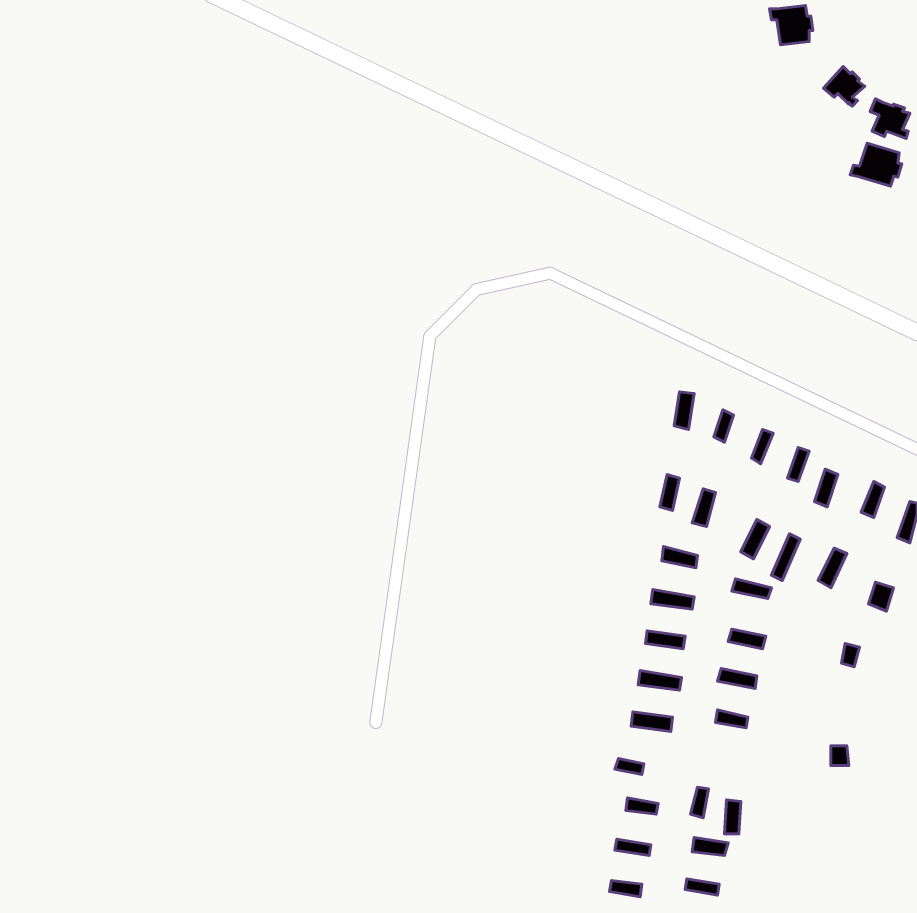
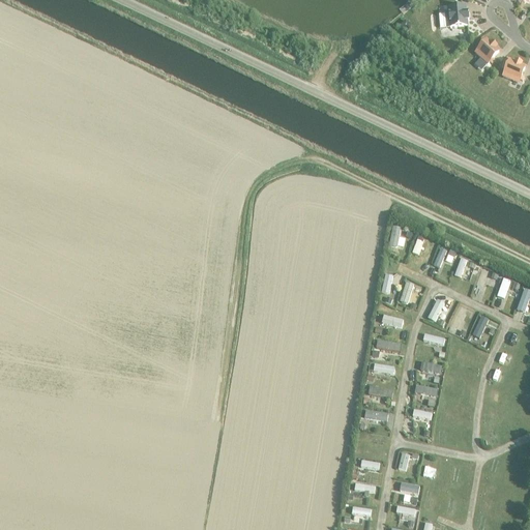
building: [850,143,902,186] -> none

